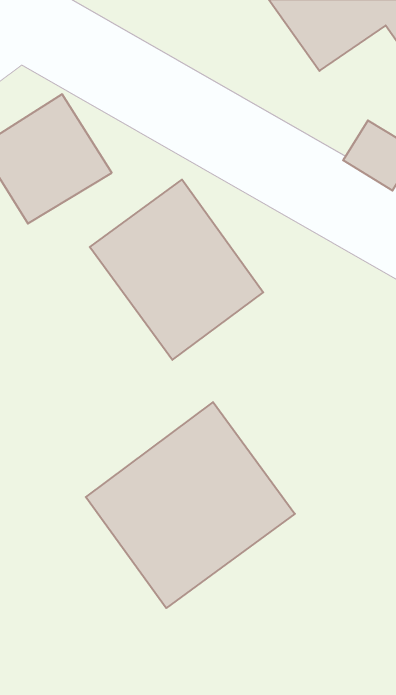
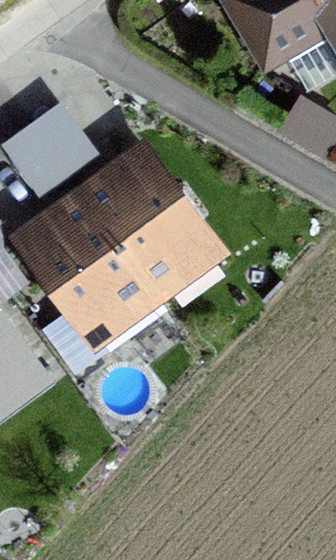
building: none -> [20,201,160,354]
building: [86,402,295,608] -> none

